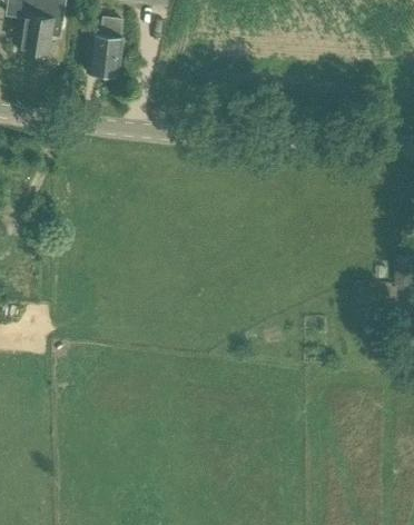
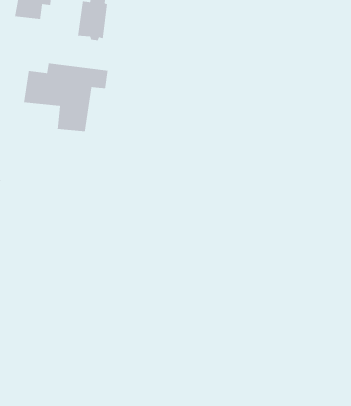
building: none -> [23,62,108,132]

